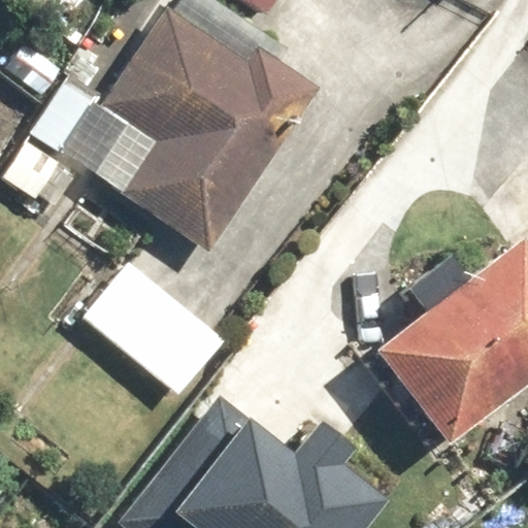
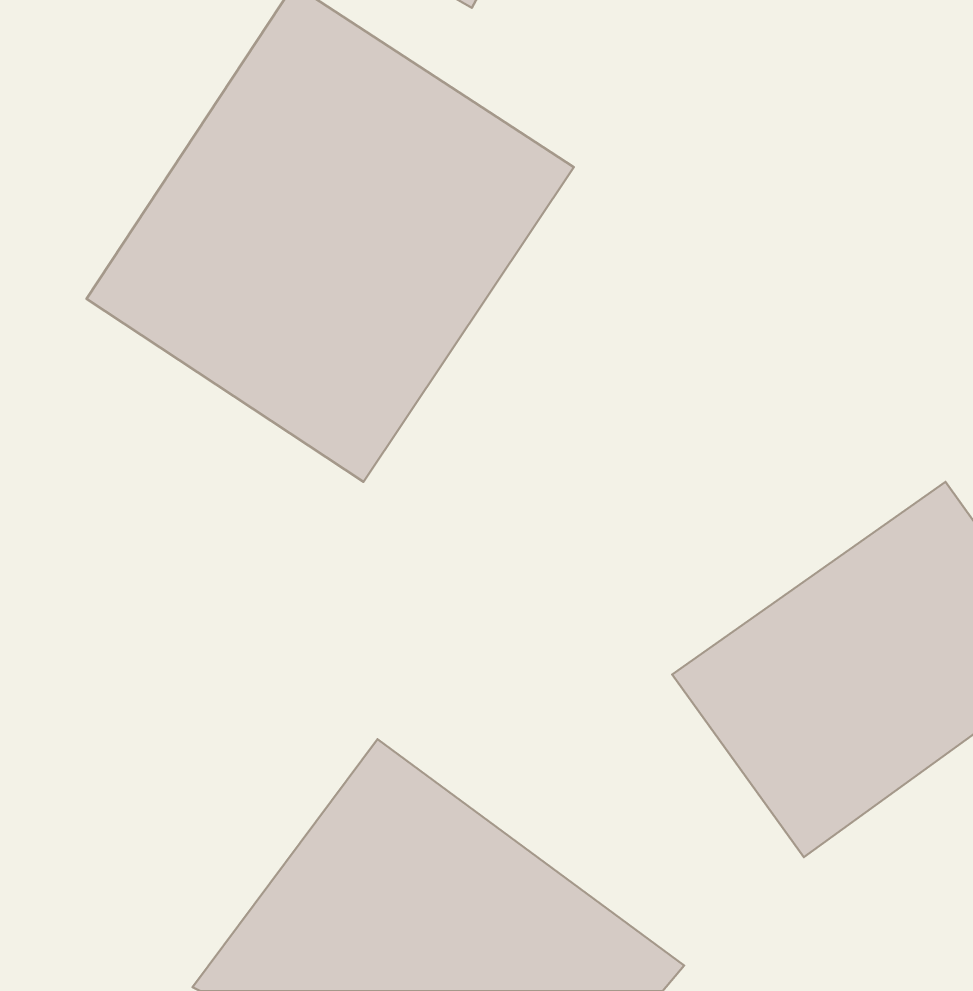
building: [90,264,230,398] -> none

